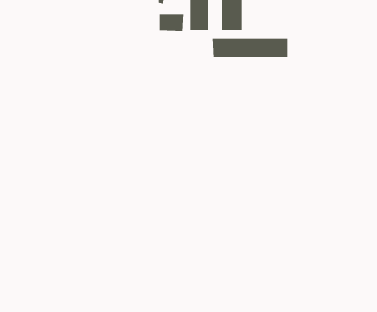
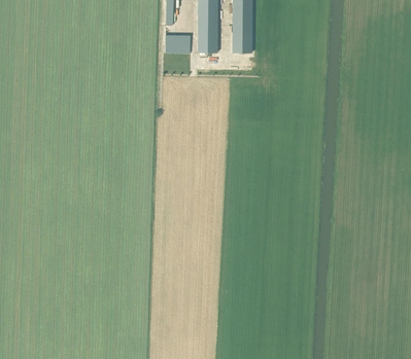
building: [212,38,288,58] -> none

